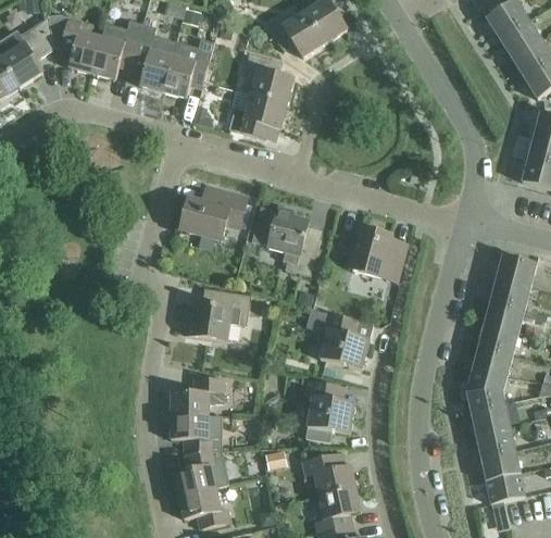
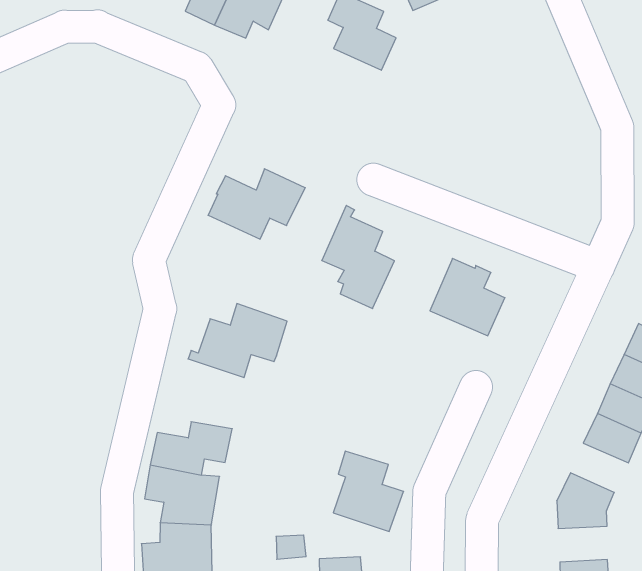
building: [228,93,287,138] -> none
building: [305,308,368,368] -> none
building: [472,346,512,377] -> none
building: [469,402,509,434] -> none

